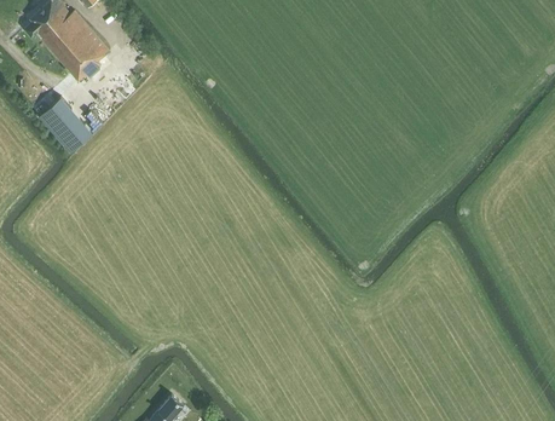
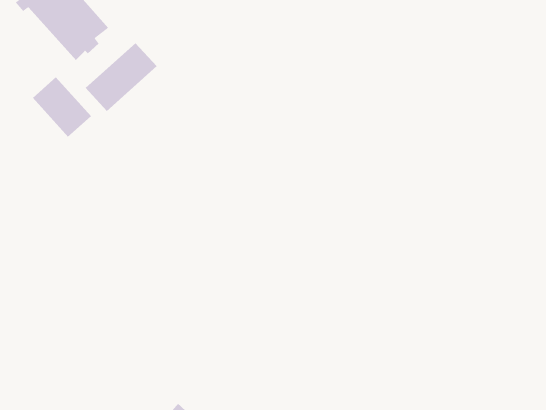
building: none -> [85,42,157,112]

